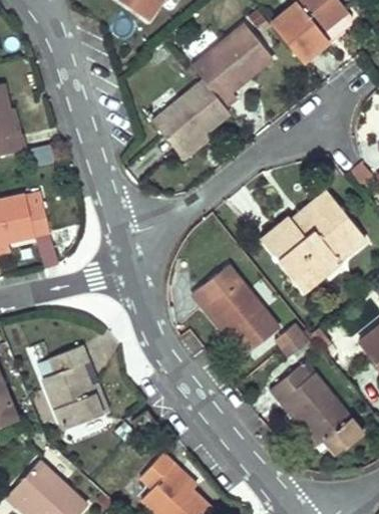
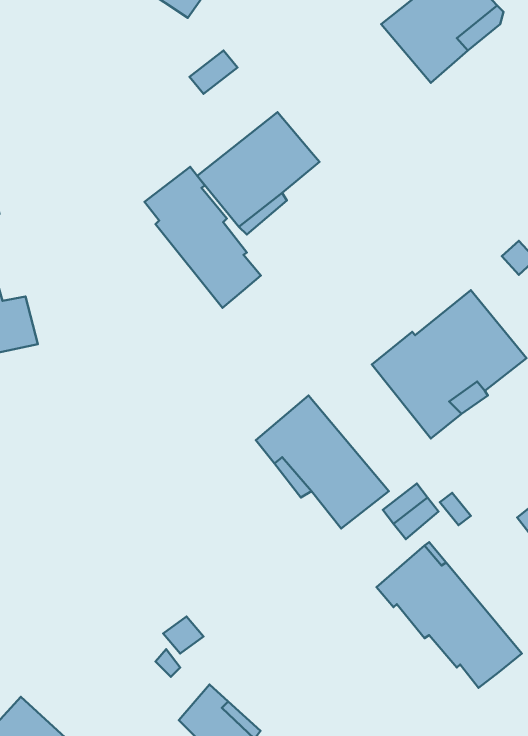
building: [184,24,274,107] -> none
building: none -> [144,167,261,308]
building: [43,345,109,428] -> none

